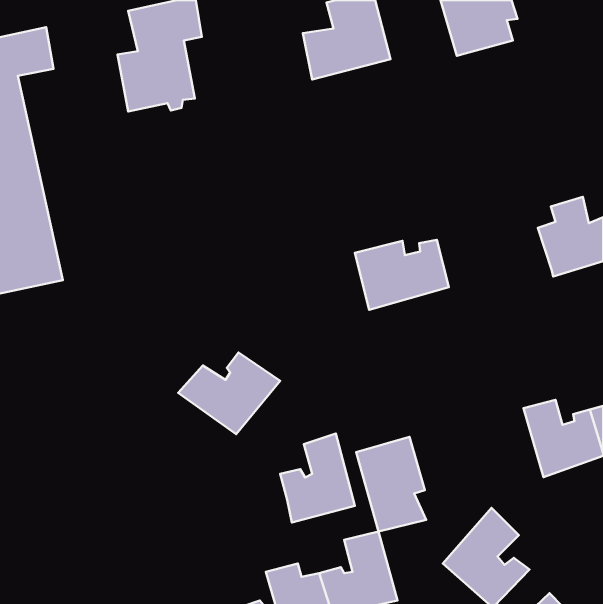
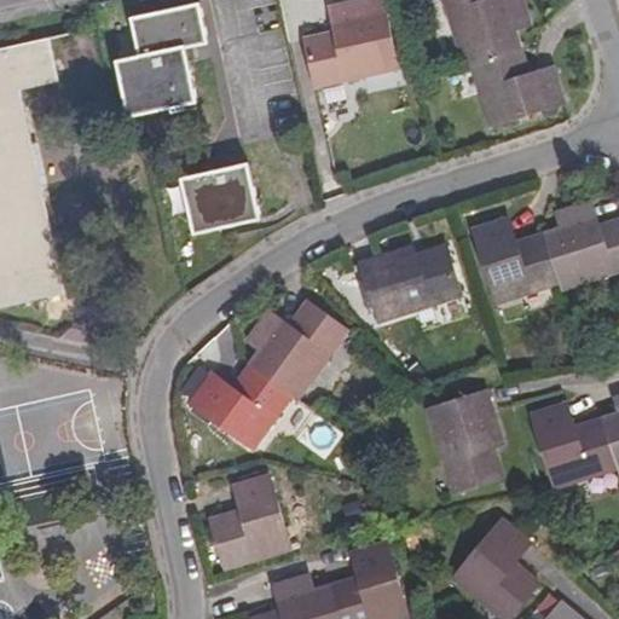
building: none -> [474,44,565,121]
building: none -> [184,162,260,233]
building: none -> [475,219,562,299]
building: none -> [243,297,343,394]
building: [280,433,355,522] -> [206,474,282,565]
building: [356,437,426,532] -> [428,392,499,488]

